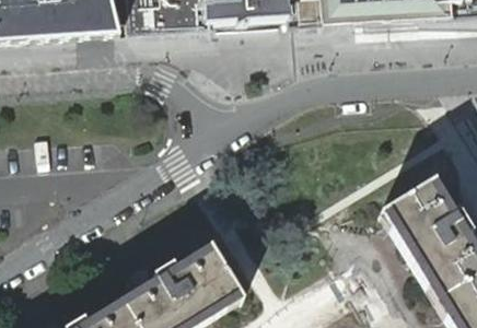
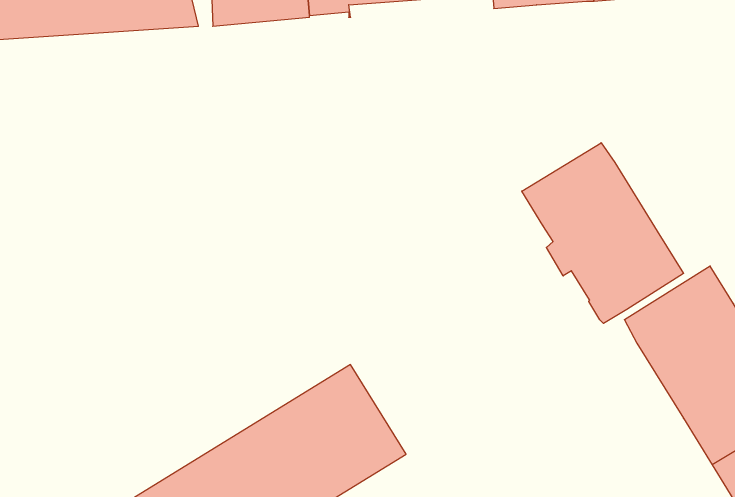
building: none -> [522,143,684,323]

